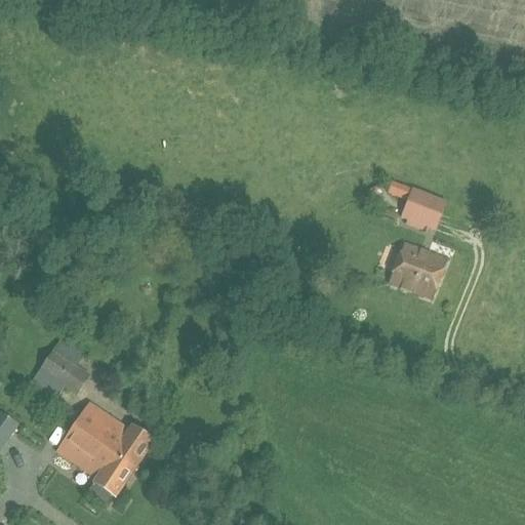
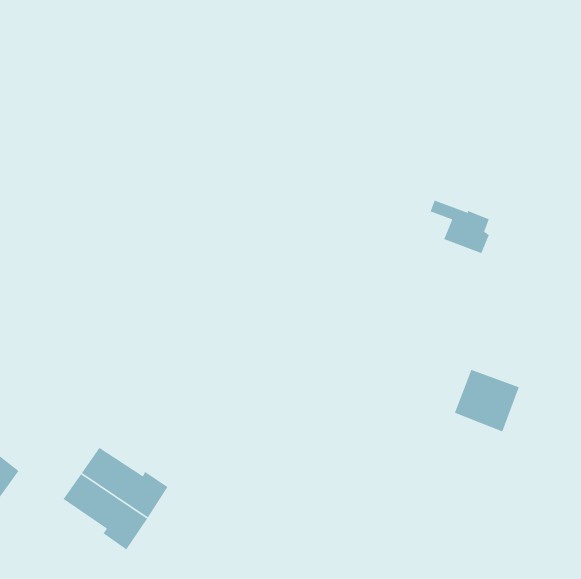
building: [387,241,446,298] -> [454,369,520,433]
building: [37,347,89,394] -> none

